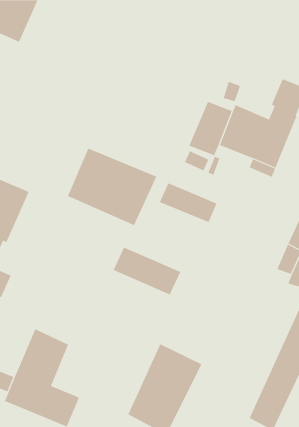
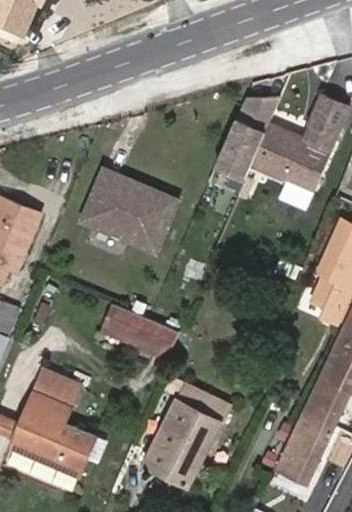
building: [159,182,217,223] -> none
building: [113,247,181,295] -> [99,304,175,358]

